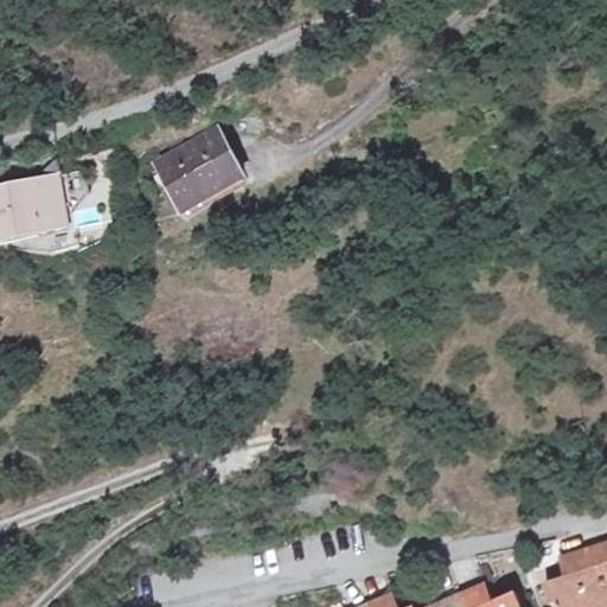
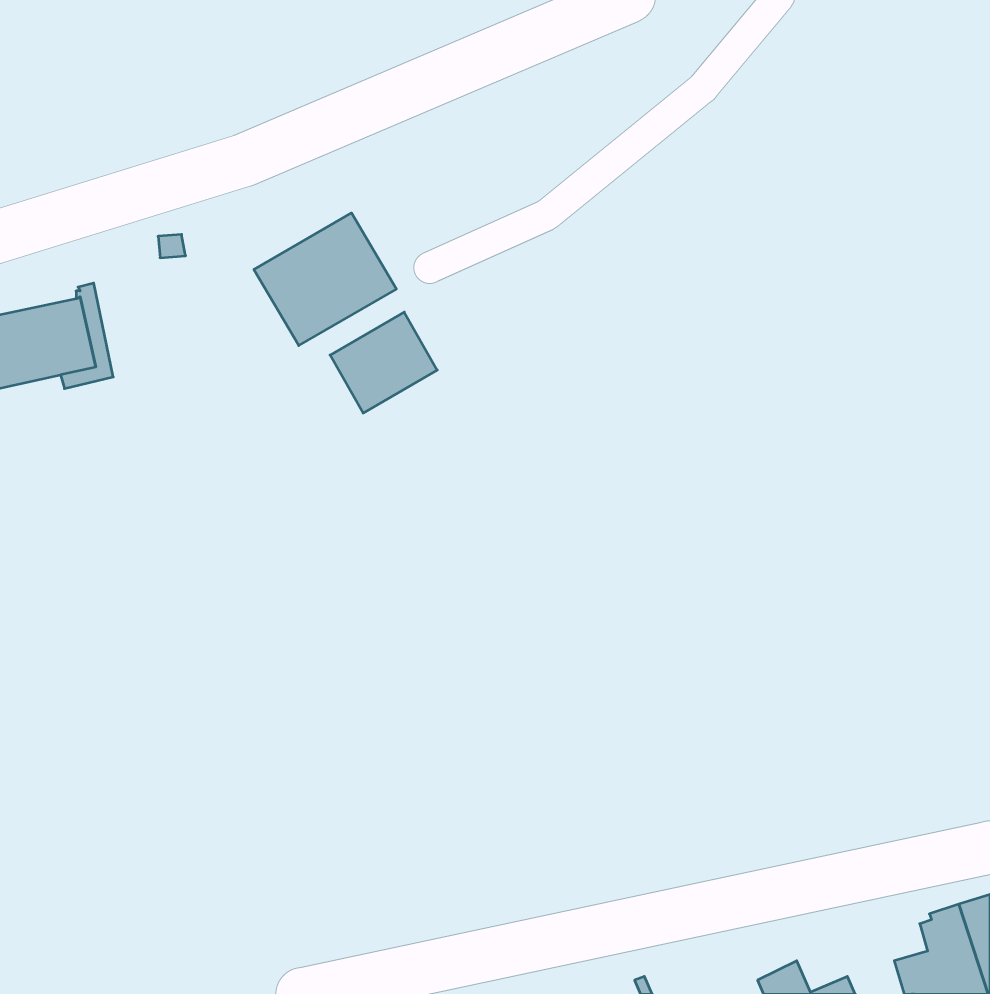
building: none -> [330,312,437,413]

